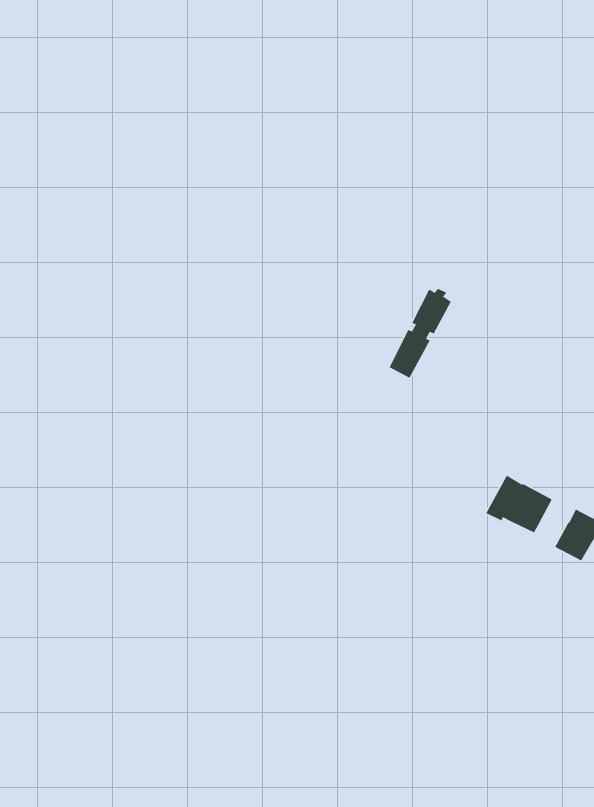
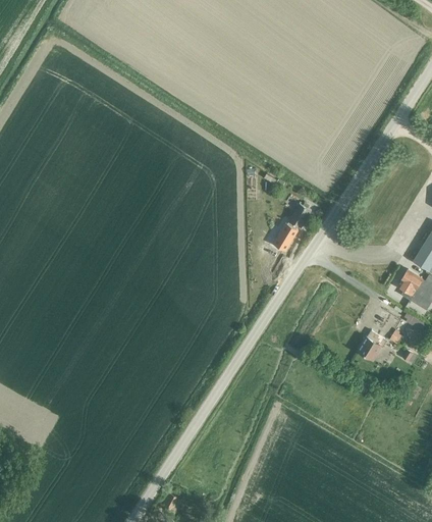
building: [485,475,553,534] -> none

